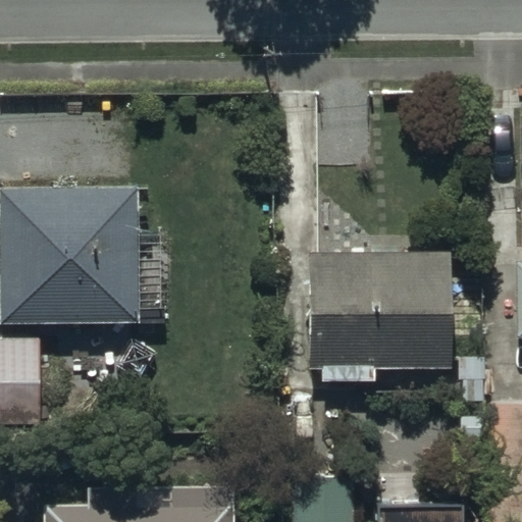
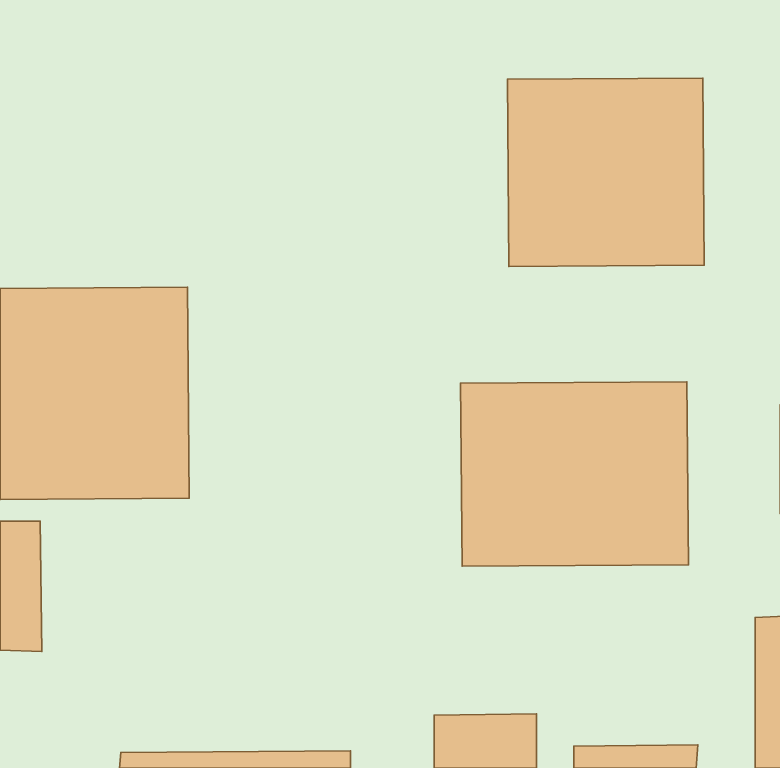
building: none -> [507,78,704,266]

